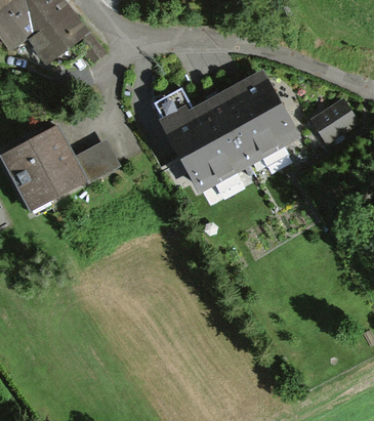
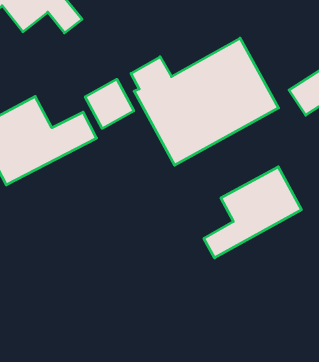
building: none -> [85,79,134,128]
building: none -> [204,167,301,258]

